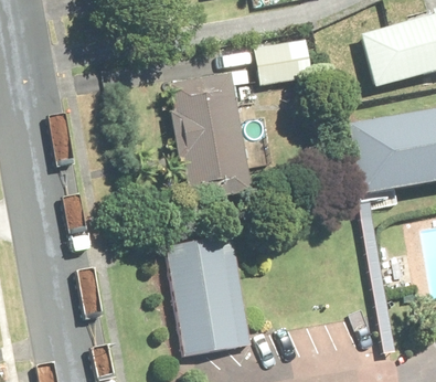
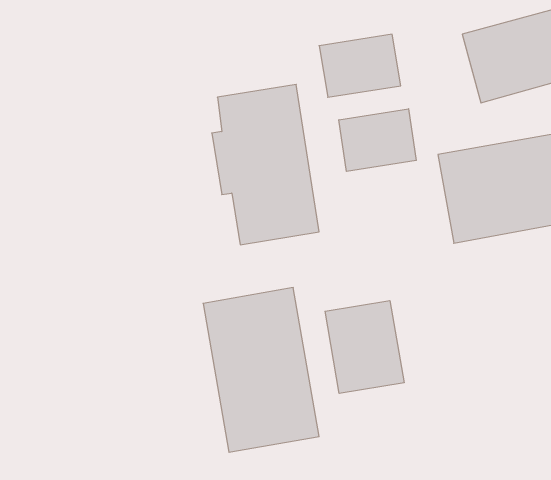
building: none -> [339,109,416,171]
building: none -> [325,301,404,393]

